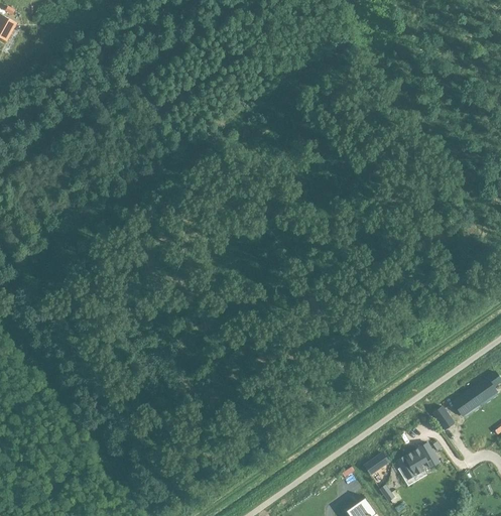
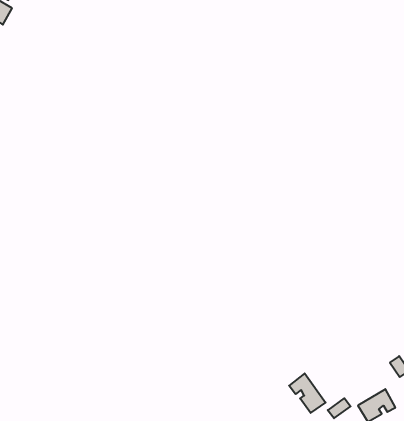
building: none -> [289,373,326,413]

